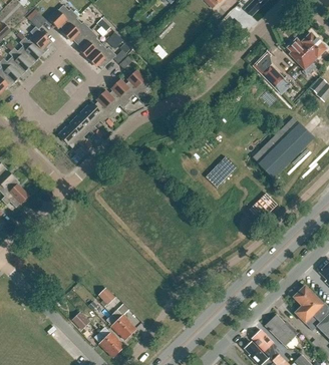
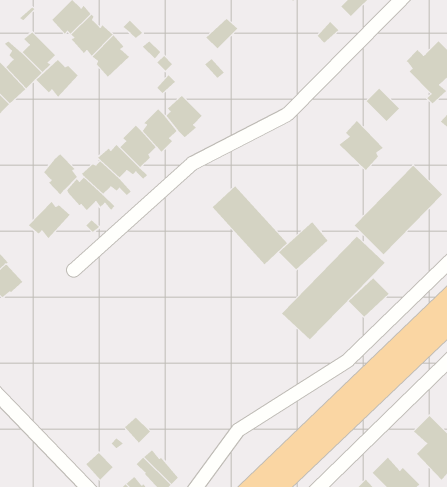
building: [87,43,116,69] -> [35,59,78,98]
building: none -> [339,120,384,171]
building: none -> [43,154,78,195]
building: none -> [212,185,288,265]
building: none -> [28,201,71,239]
building: none -> [281,236,385,340]

